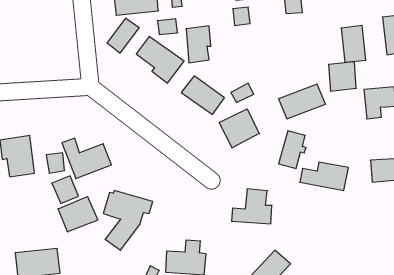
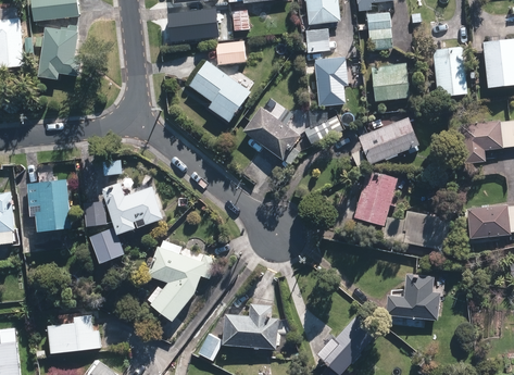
building: none -> [39,28,79,76]
building: [107,18,139,53] -> none
building: [186,26,211,63] -> [315,61,344,104]
building: [329,62,356,91] -> [373,65,405,100]
building: [219,109,259,148] -> none
building: [231,189,272,224] -> [388,276,436,317]
building: [58,197,98,232] -> none

